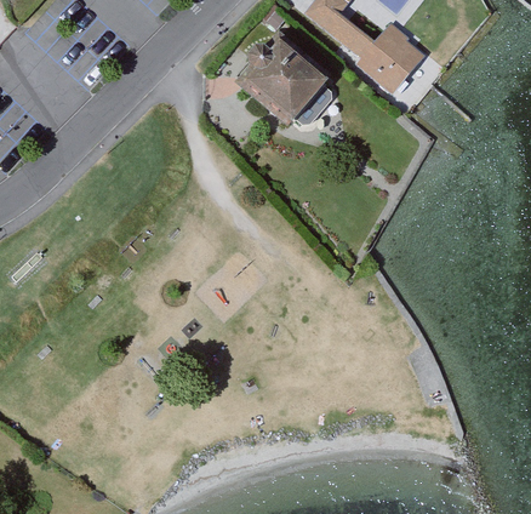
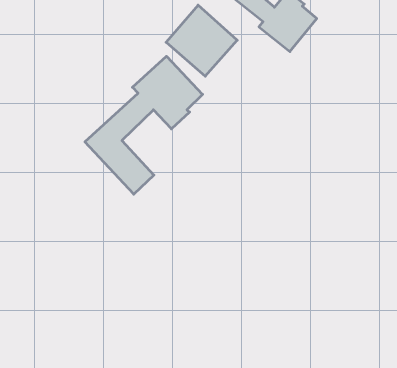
building: none -> [85,56,203,194]

